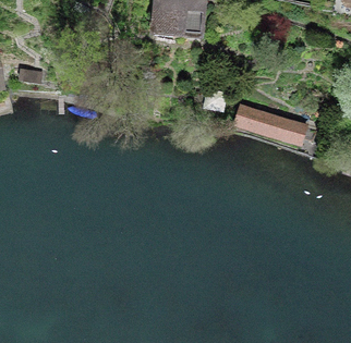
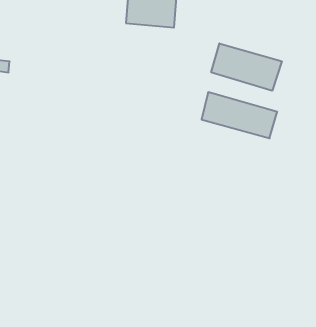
building: none -> [211,43,282,91]

